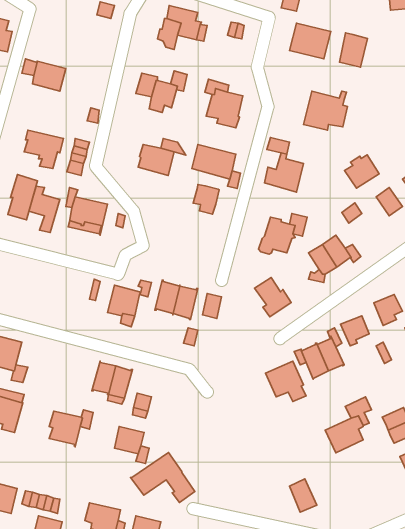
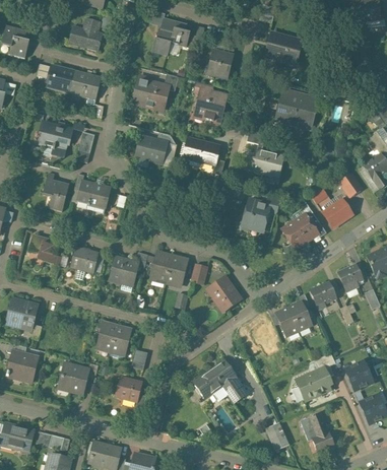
building: none -> [69,18,105,50]
building: [340,33,367,67] -> none
building: none -> [209,49,232,77]
building: none -> [69,70,101,99]
building: [345,155,379,188] -> [321,198,350,226]
building: [8,174,38,220] -> none
building: [193,184,219,214] -> none
building: none -> [29,236,58,262]
building: none -> [70,247,96,272]
building: [254,278,291,317] -> [209,277,241,311]
building: [131,452,195,502] -> [192,359,247,402]
building: none -> [300,411,334,454]

